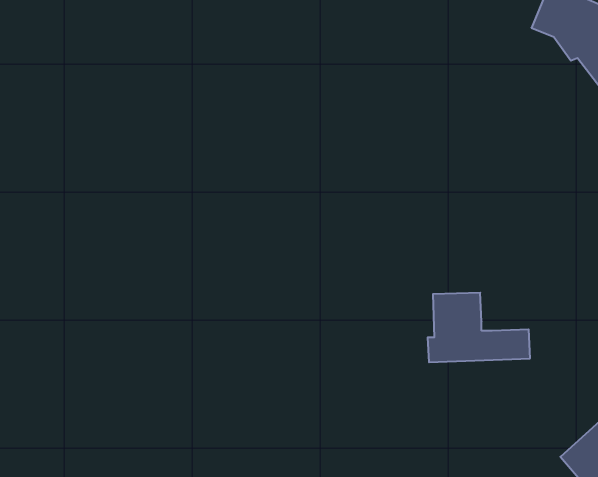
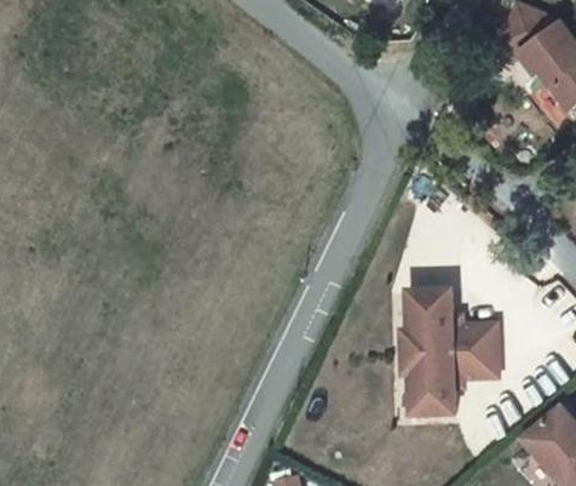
building: none -> [404,350,499,416]

